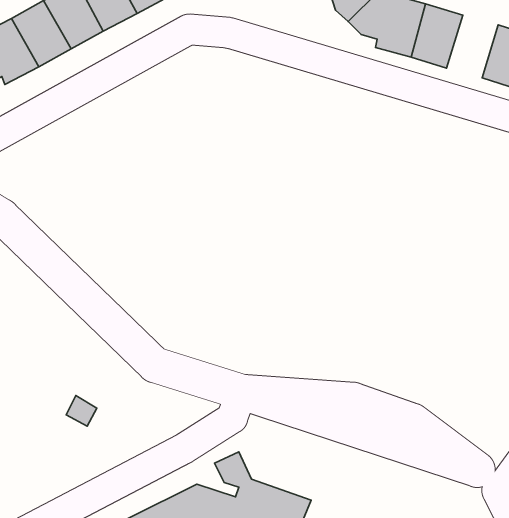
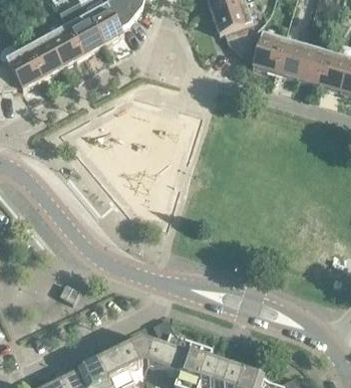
building: none -> [296,44,328,83]

